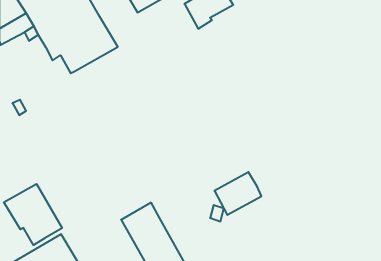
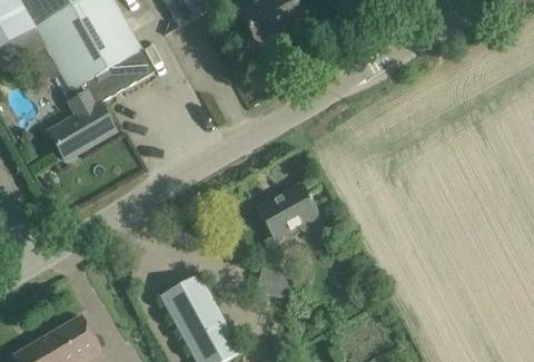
building: none -> [48,81,113,158]
building: [214,172,261,215] -> [256,183,317,238]
building: [4,184,62,245] -> none

